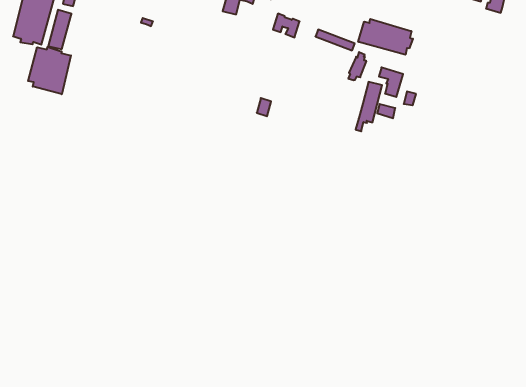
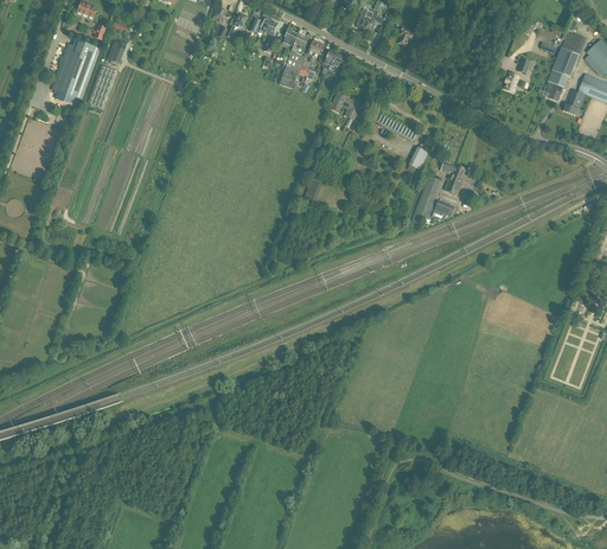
building: [358,19,413,55] -> none
building: [28,47,71,94] -> none

